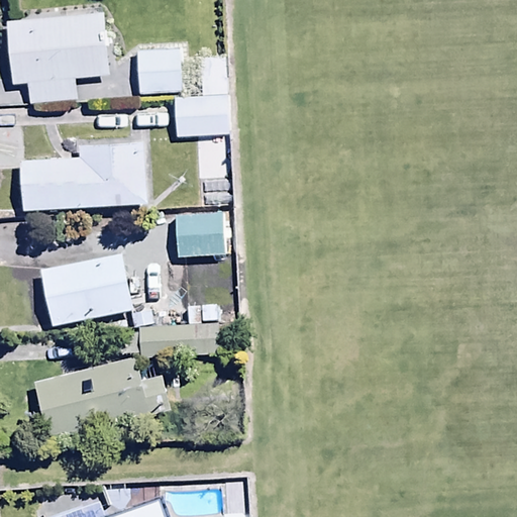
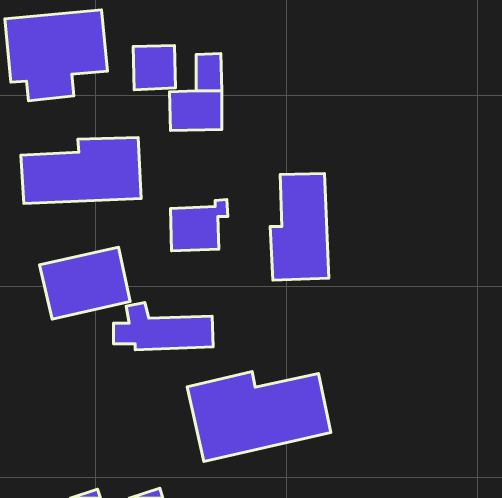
building: none -> [270,174,329,280]
building: [35,358,171,442] -> none
building: none -> [187,371,331,461]

